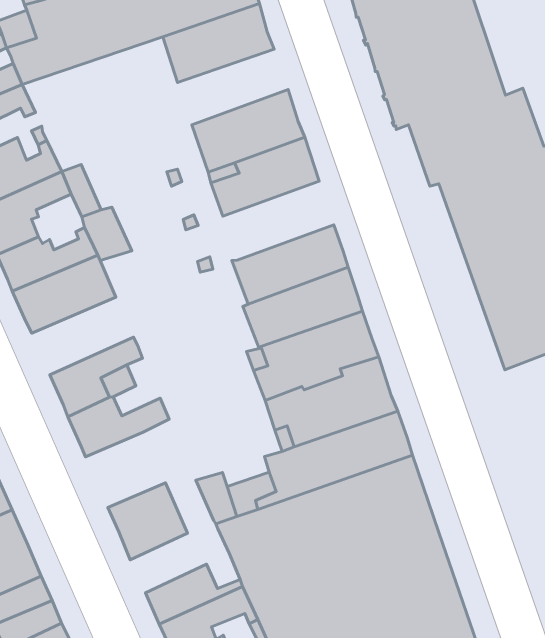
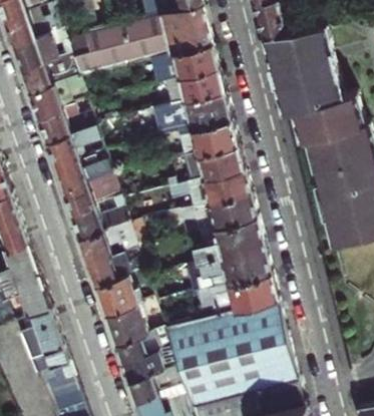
building: none -> [161,66,223,104]
building: none -> [180,141,242,181]
building: none -> [69,196,125,237]
building: none -> [93,273,136,313]
building: none -> [113,325,163,362]

